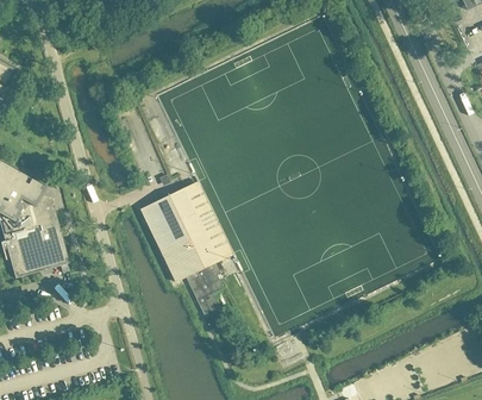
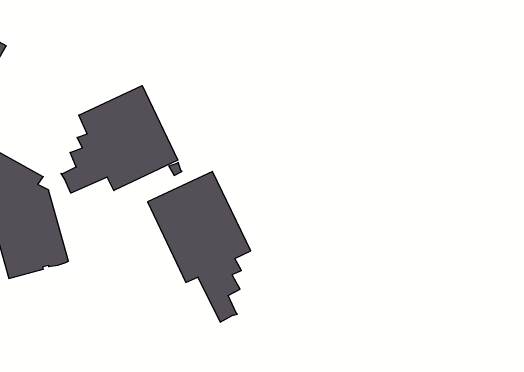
building: none -> [61,86,178,193]

